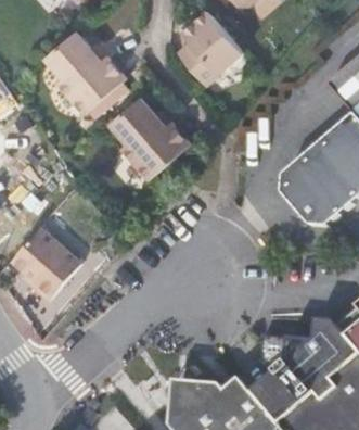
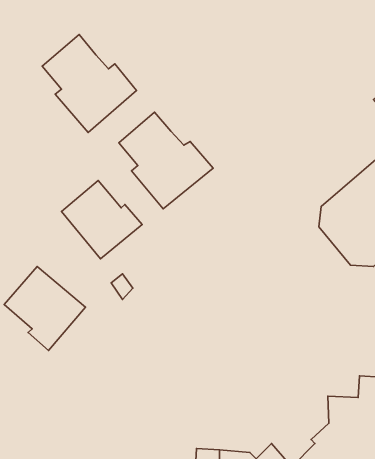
building: [176,10,241,85] -> none
building: none -> [61,180,142,259]

